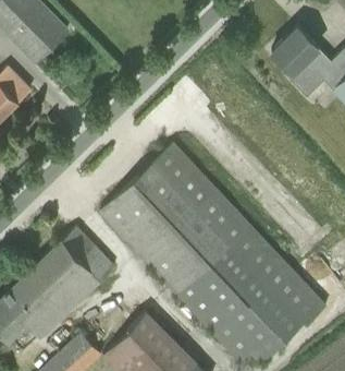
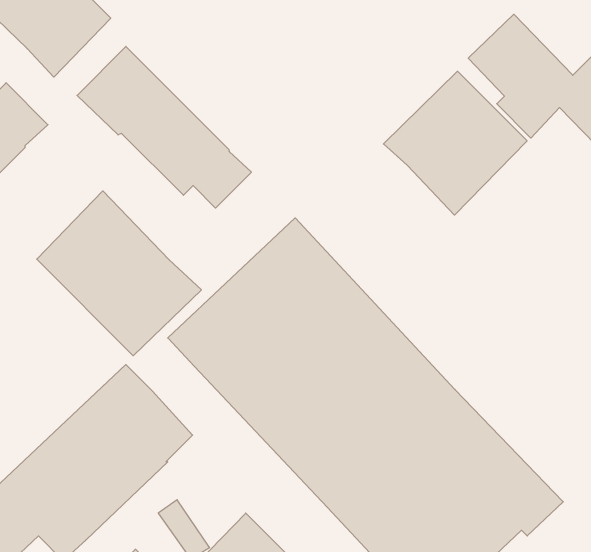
building: none -> [77,46,251,208]
building: none -> [383,71,527,215]
building: none -> [37,191,201,356]

